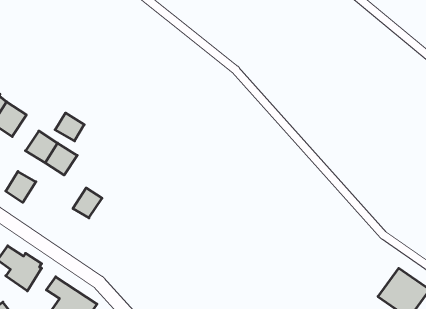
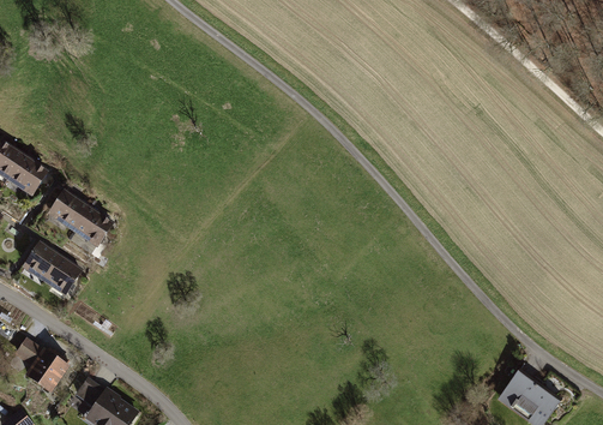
building: [55,113,84,141] -> none
building: [73,188,102,218] -> [44,256,82,294]

